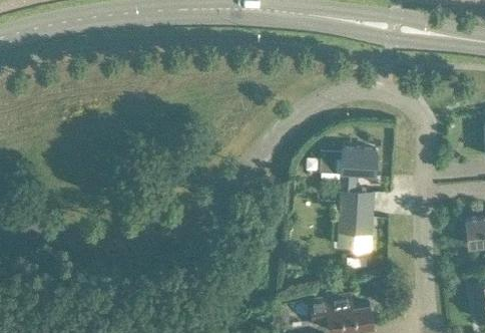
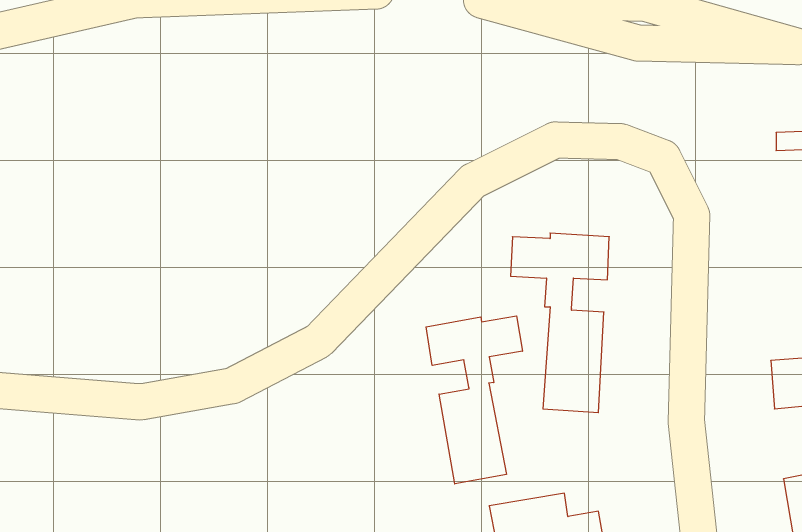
building: none -> [426,316,522,484]

